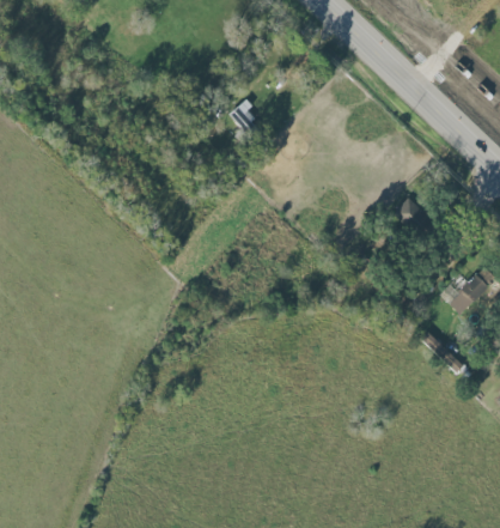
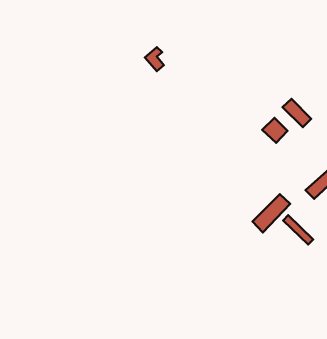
building: none -> [282,99,311,127]
building: none -> [253,194,290,233]

